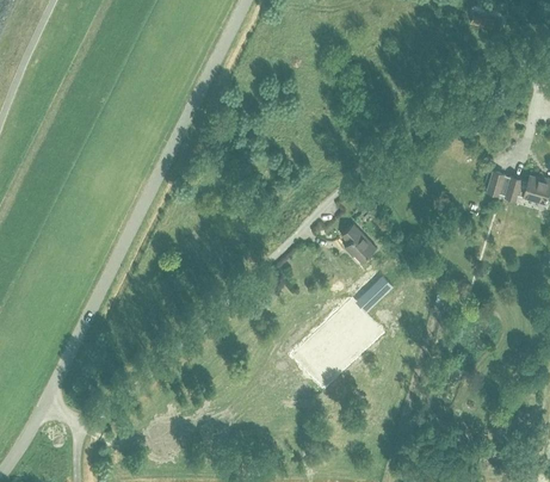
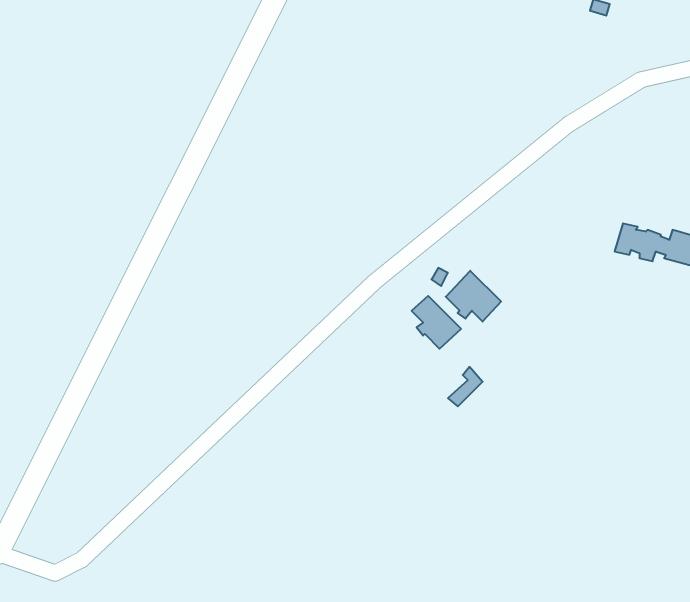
building: none -> [446,271,501,322]

